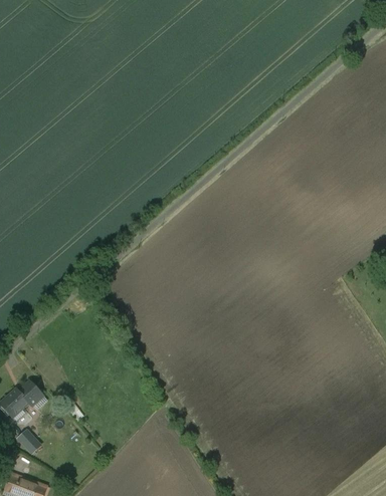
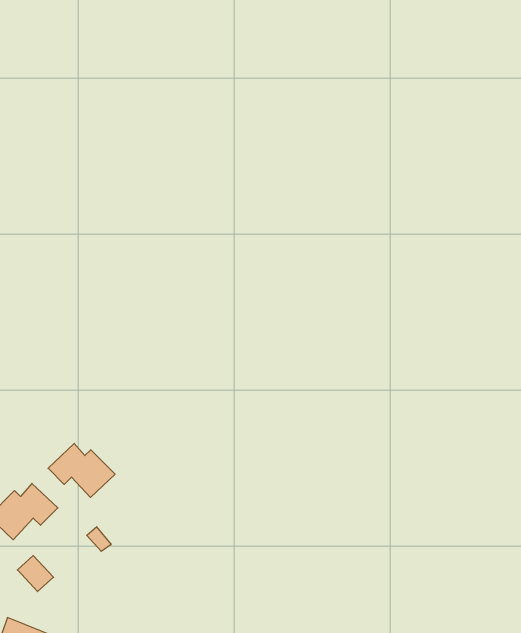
building: none -> [48,443,115,497]

